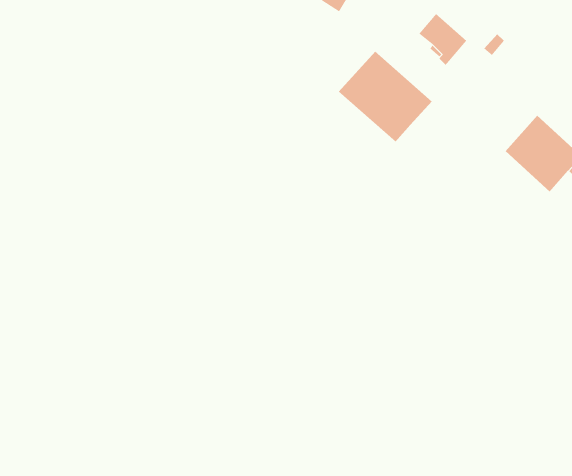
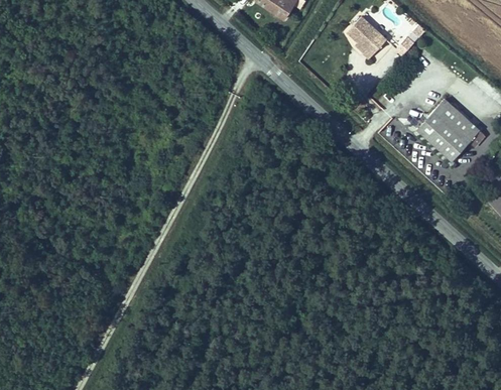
building: [338,51,433,143] -> none

